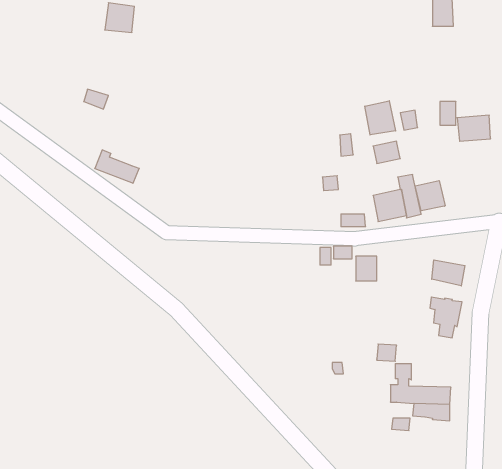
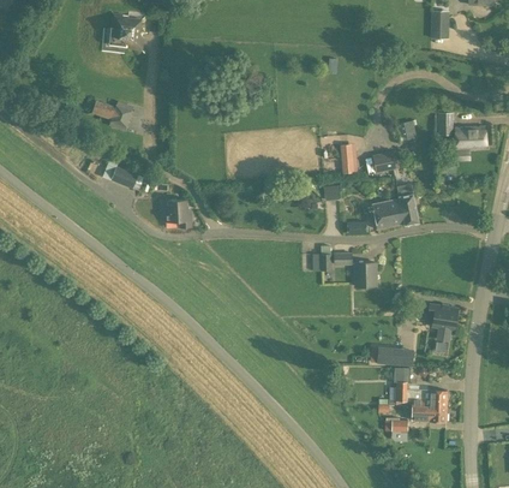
building: [365,101,396,135] -> none
building: [415,181,445,211] -> none
building: none -> [163,198,191,228]
building: [432,260,465,286] -> none

